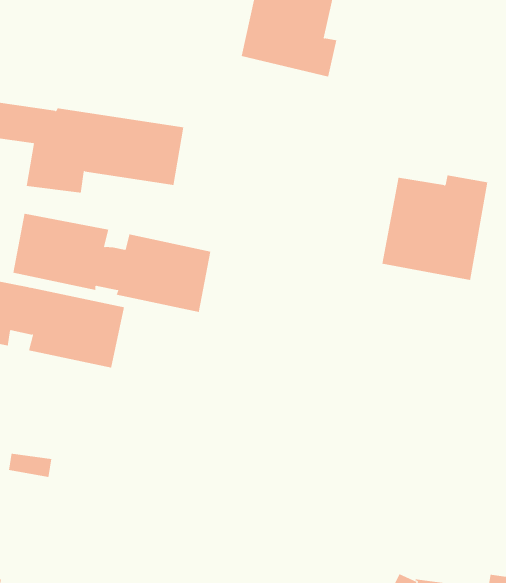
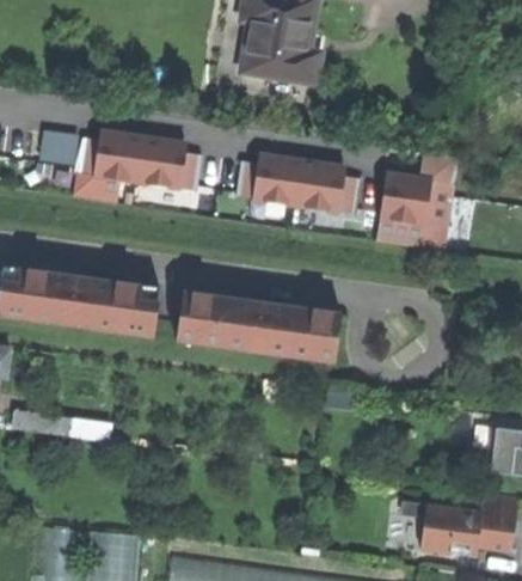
building: none -> [245,148,358,212]
building: [12,213,211,312] -> [178,295,342,367]

